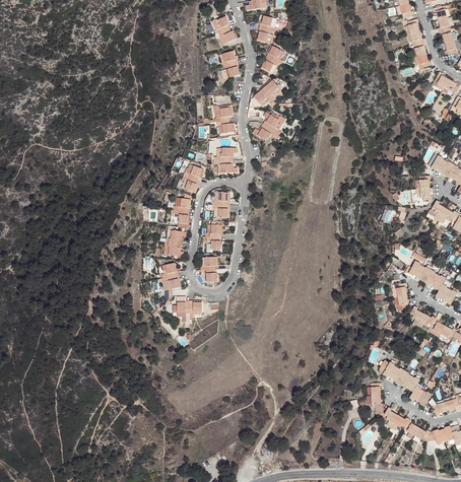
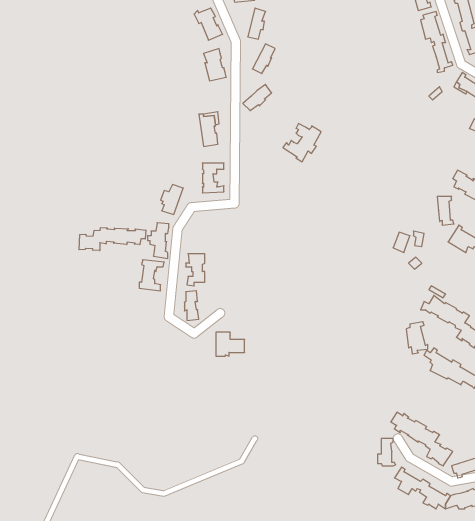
building: [253,113,285,145] -> [283,124,321,162]
building: [214,192,229,217] -> none
building: none -> [79,228,146,251]
building: [161,263,181,296] -> none
building: [178,296,202,317] -> [216,332,245,356]

